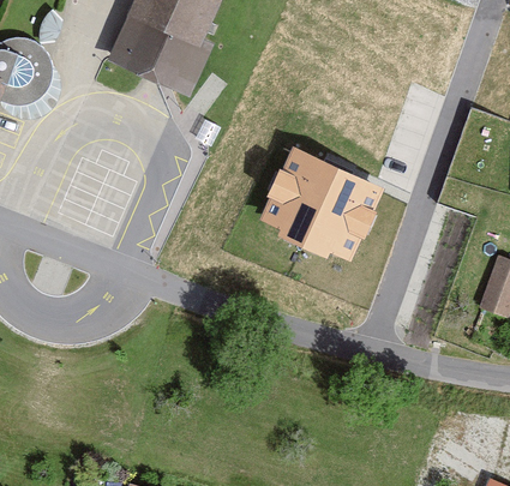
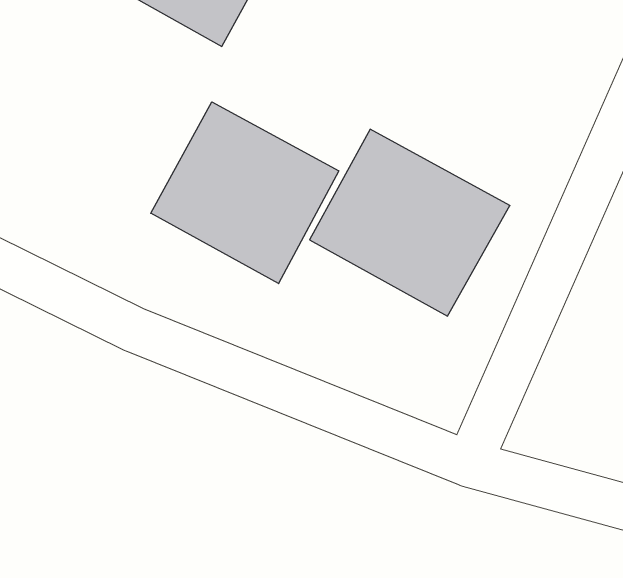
building: none -> [151,102,339,284]

